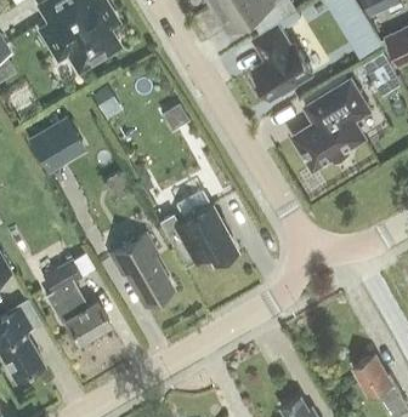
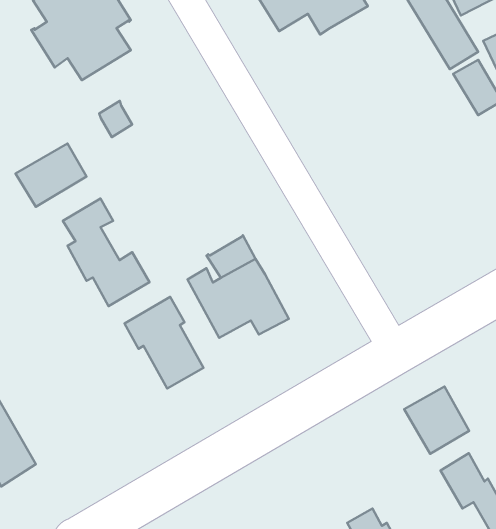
building: [251,24,313,101] -> none
building: [294,81,369,170] -> none
building: [42,261,109,343] -> [63,199,150,306]
building: none -> [404,387,469,454]

